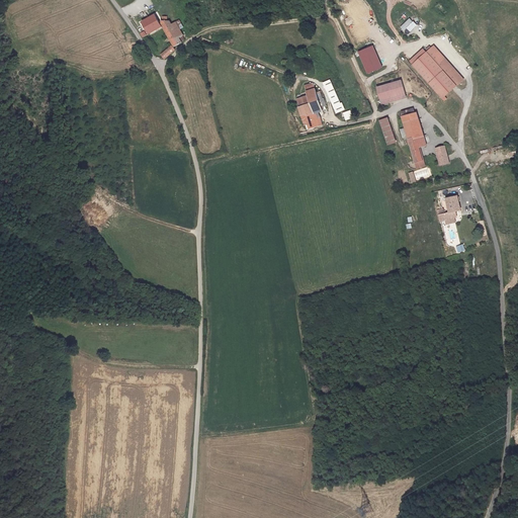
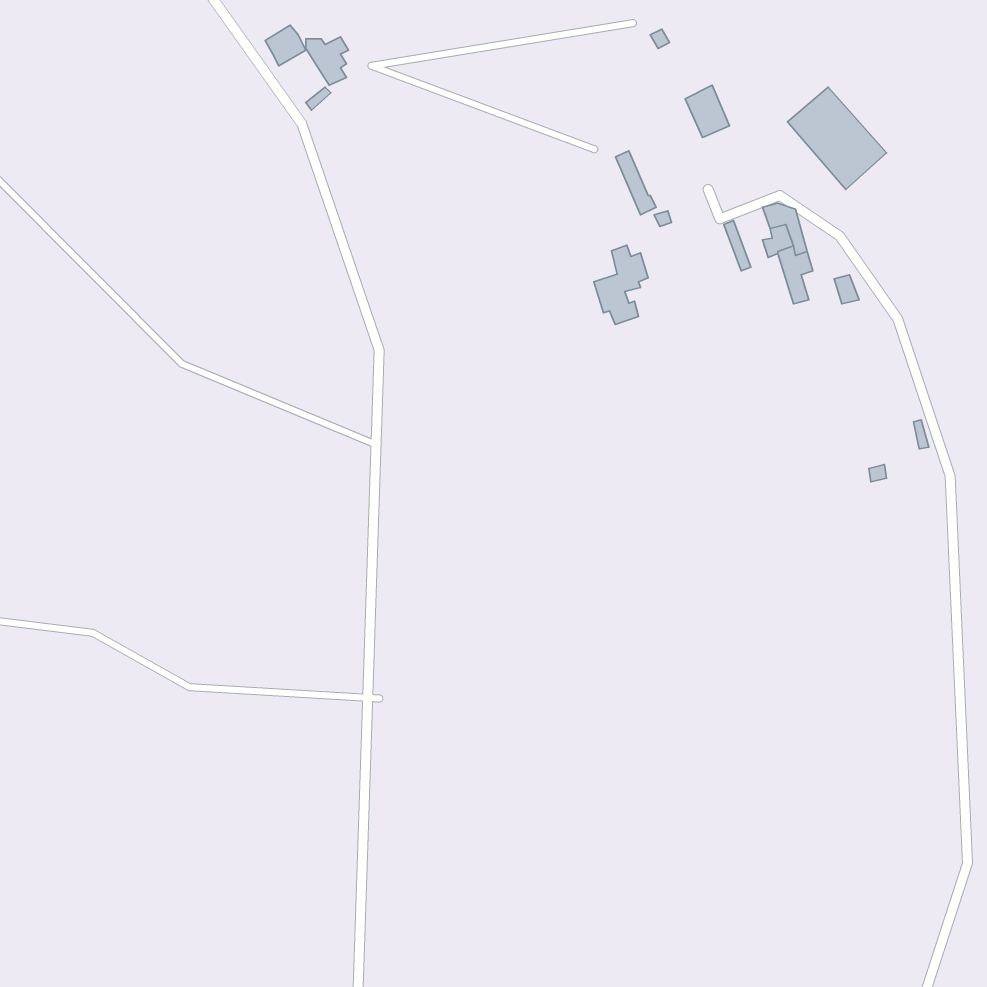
building: [377,80,407,105] -> none
building: [295,84,324,125] -> [594,245,648,324]
building: [436,194,460,221] -> none

